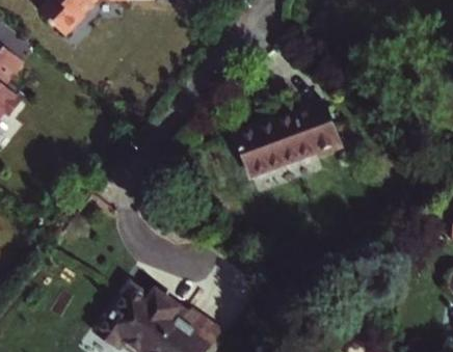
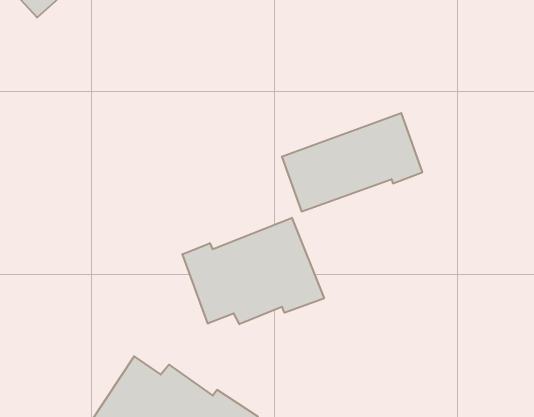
building: none -> [182,218,324,324]

